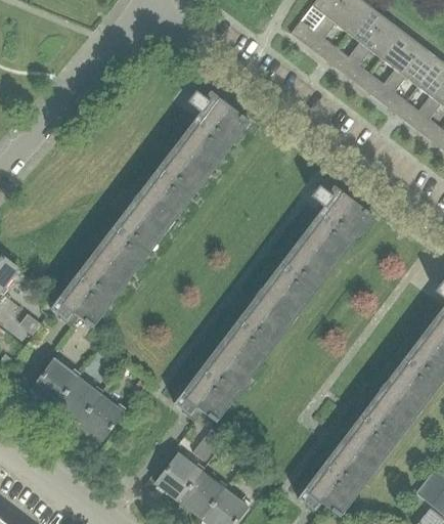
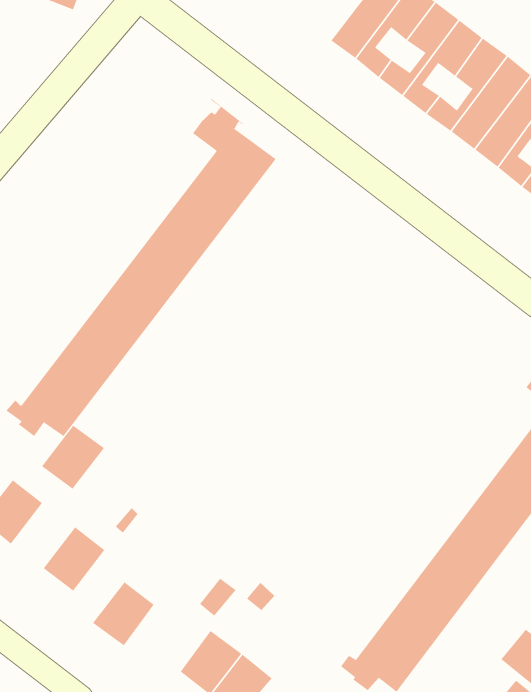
building: [172,169,371,421] -> none
building: [52,375,99,423] -> [41,425,105,490]
building: [153,451,199,499] -> [92,581,155,646]

